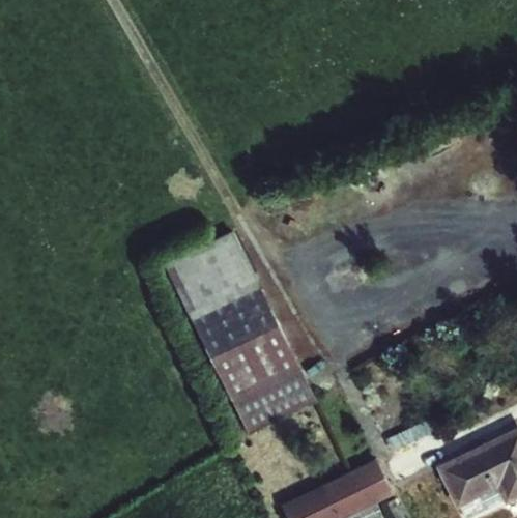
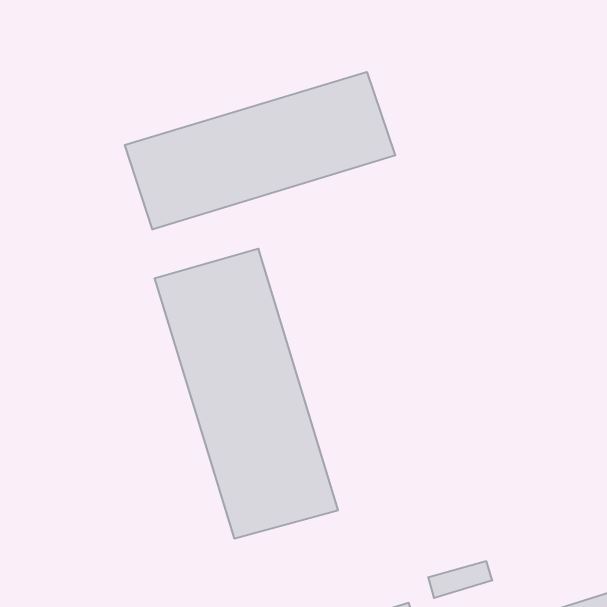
building: none -> [125,72,395,229]

